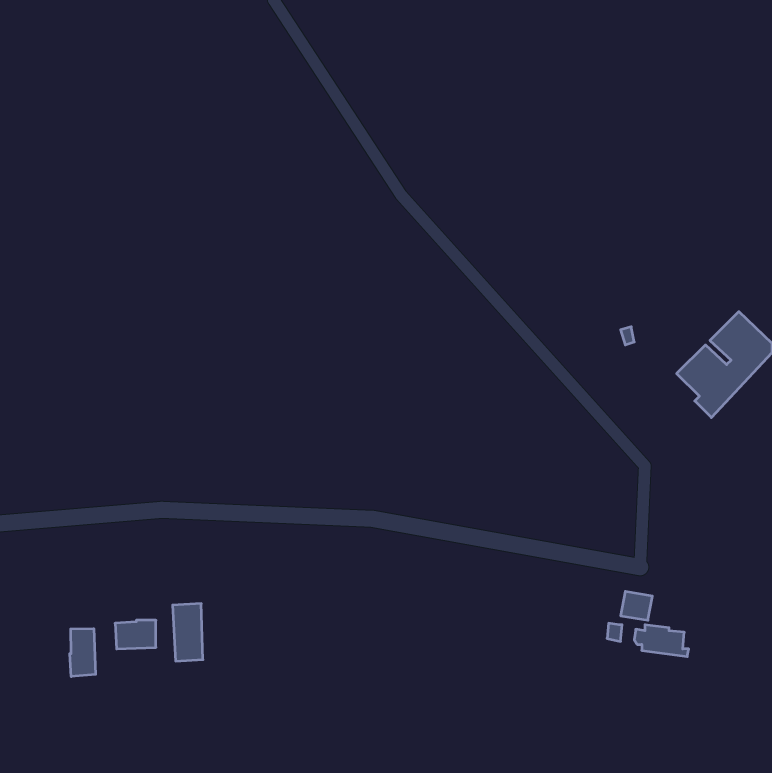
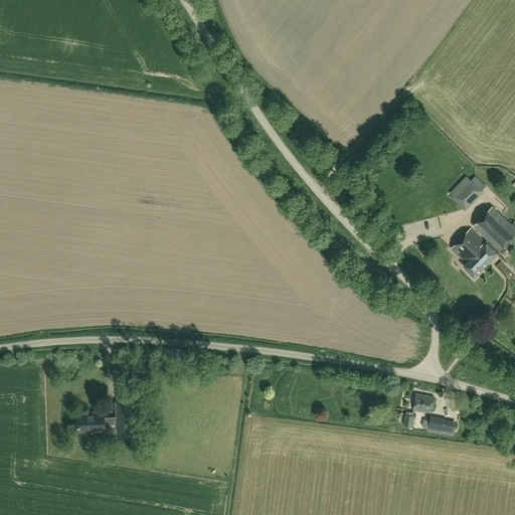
building: none -> [449,176,485,210]
building: [70,629,96,677] -> none

